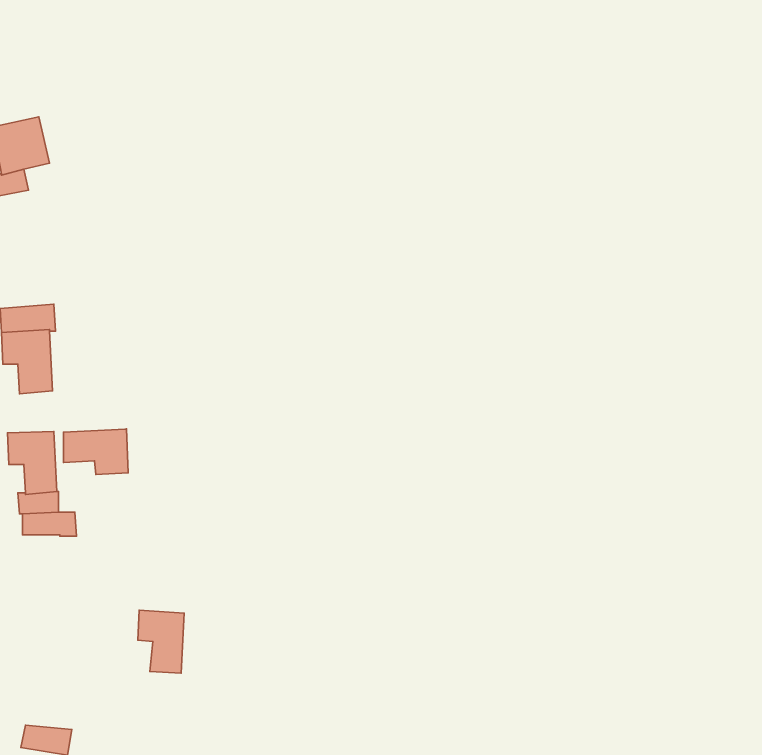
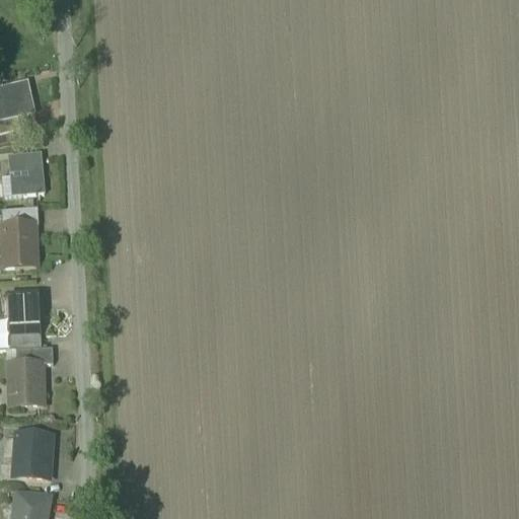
building: none -> [8,151,43,194]
building: [64,429,128,475] -> none
building: none -> [8,362,42,404]
building: [138,610,184,673] -> [16,434,48,476]

